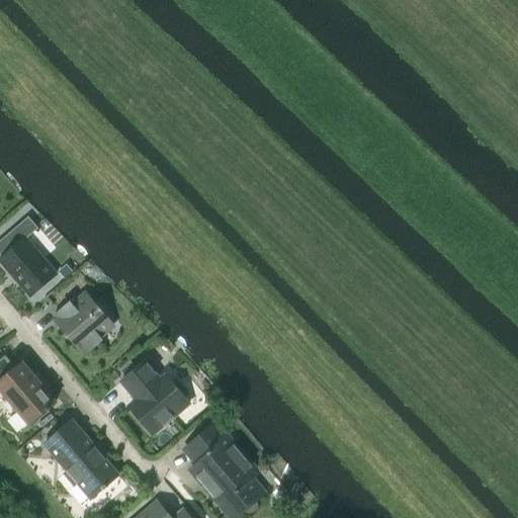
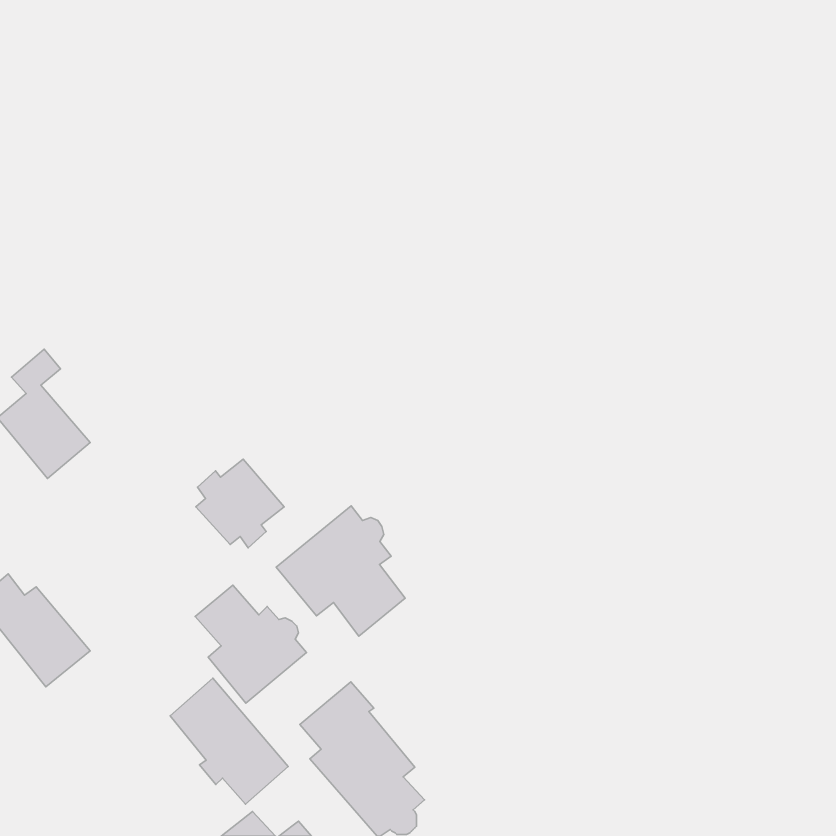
building: [58,294,112,349] -> [196,459,284,548]
building: none -> [276,506,405,636]
building: [45,420,117,498] -> [170,678,288,804]

